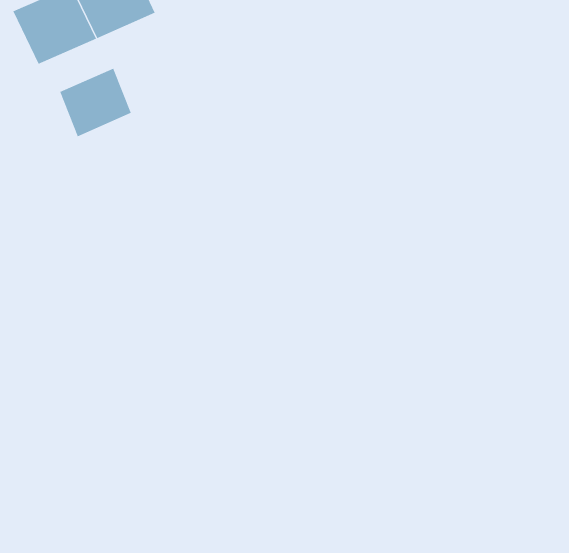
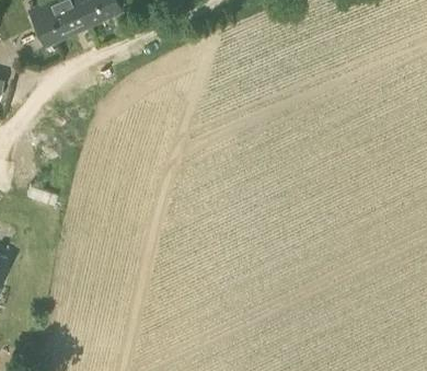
building: [60,68,132,137] -> none

